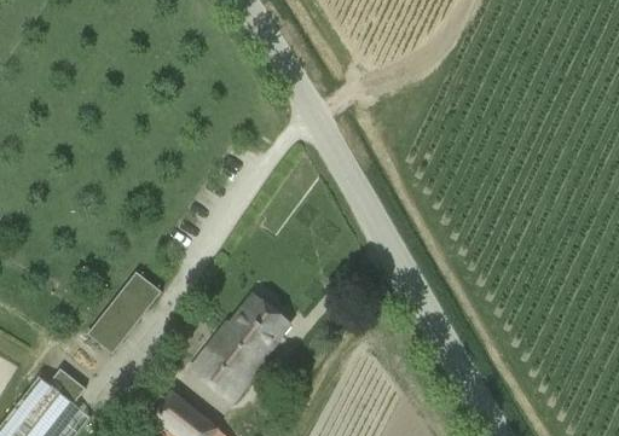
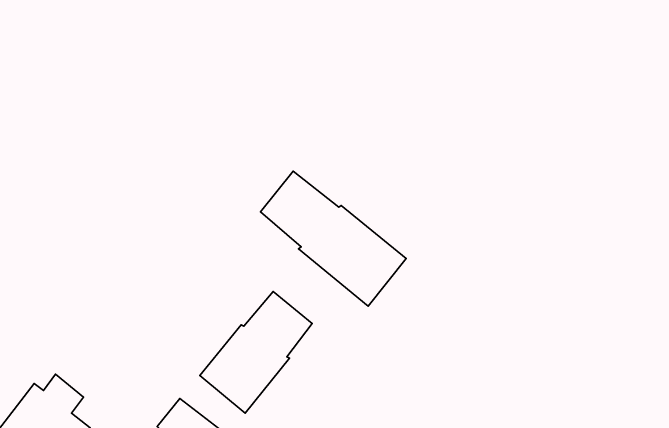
building: none -> [261,171,406,306]
building: [86,271,161,353] -> none

